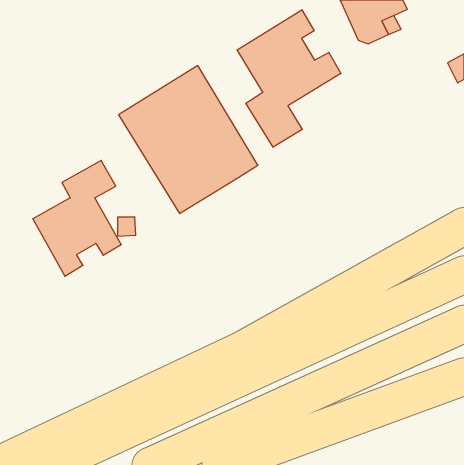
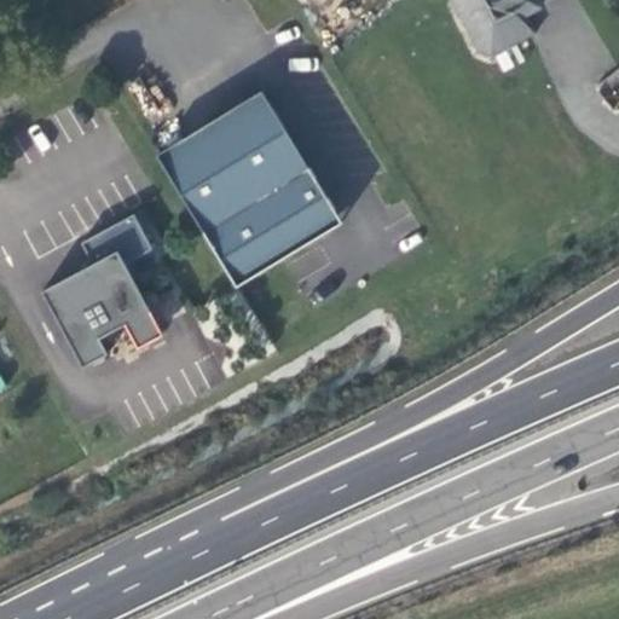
building: [237,10,341,147] -> none

